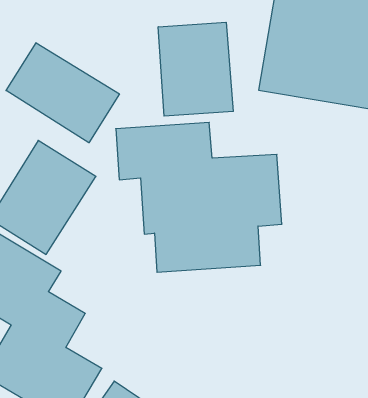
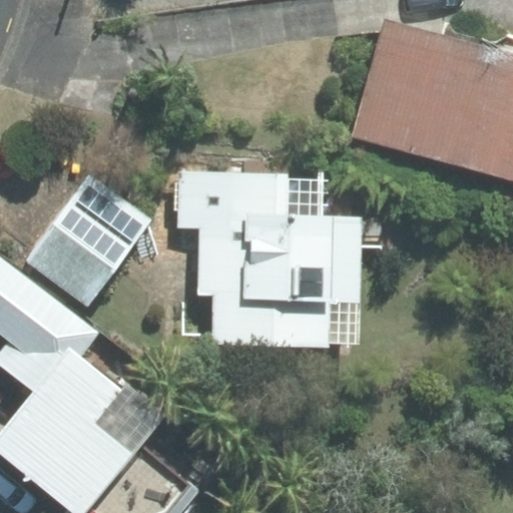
building: [158,22,233,116] -> none
building: [6,43,119,143] -> none

